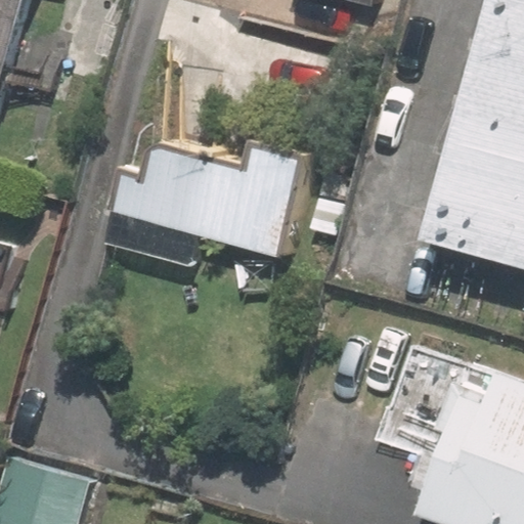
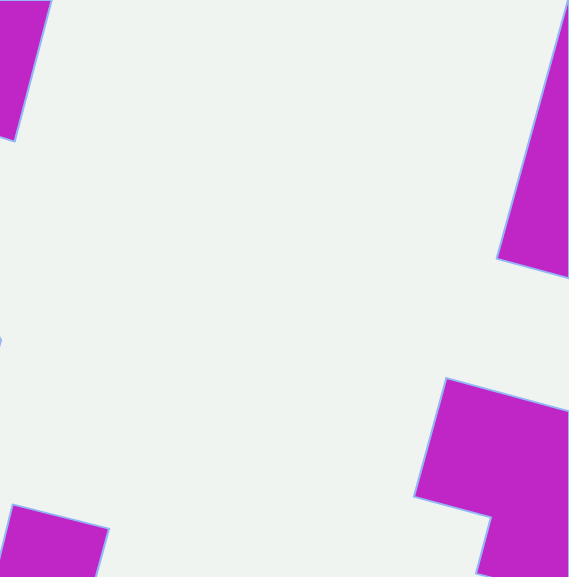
building: [126,128,337,268] -> none

